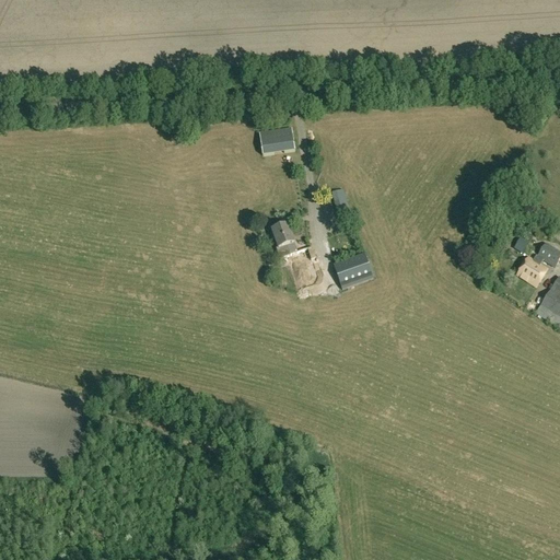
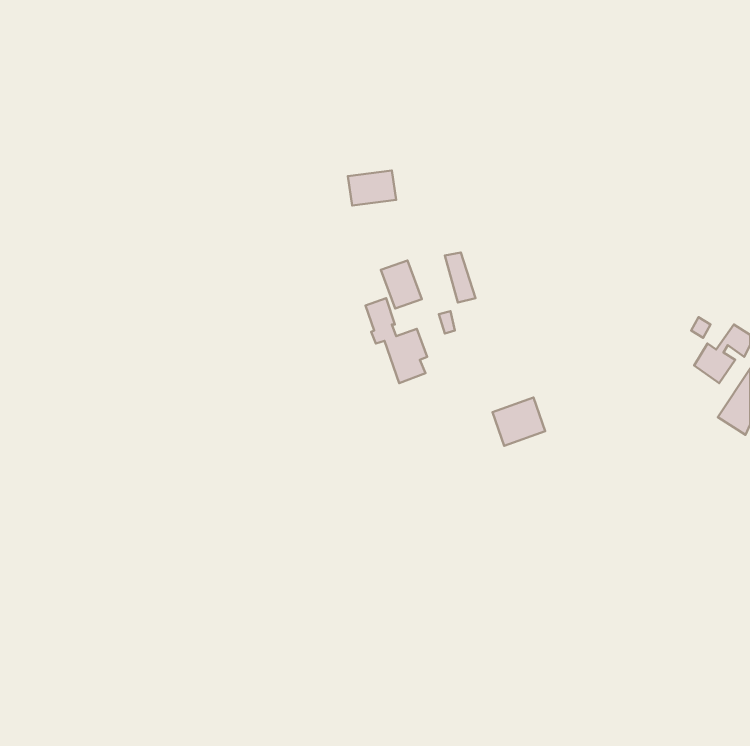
building: none -> [381,260,422,309]
building: [334,252,373,288] -> [492,397,545,446]

